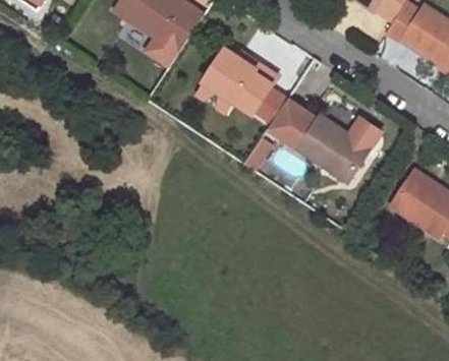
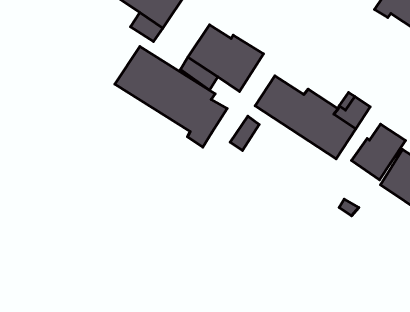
building: none -> [115,46,227,147]
building: none -> [351,124,406,180]

